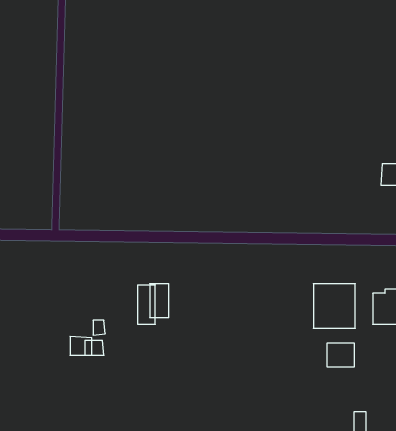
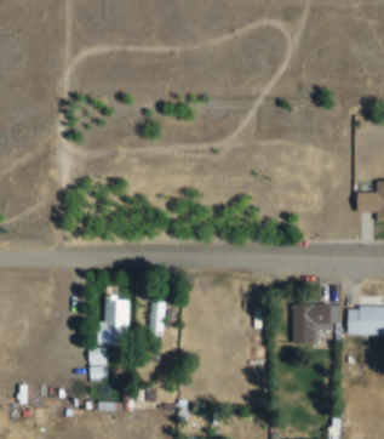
building: none -> [109,295,130,333]
building: [327,343,354,367] -> none

